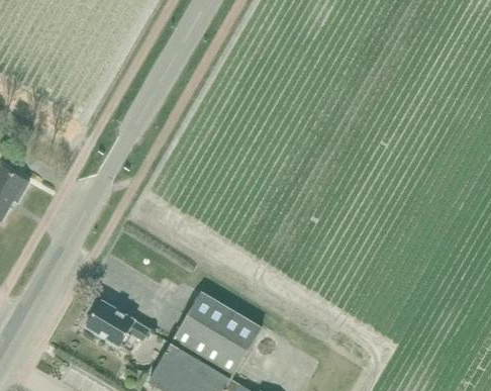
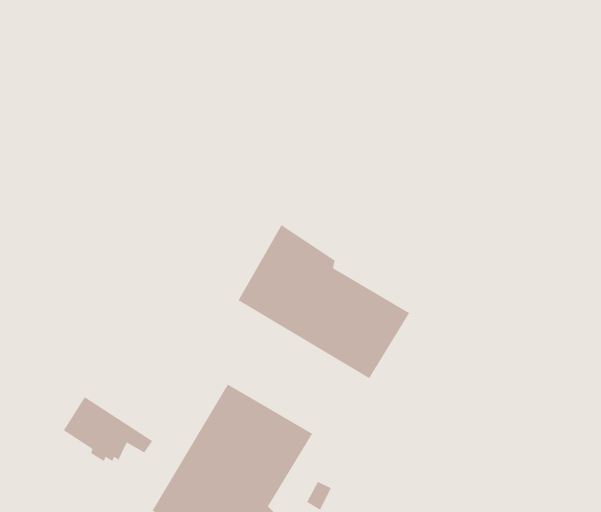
building: none -> [238,224,410,379]

